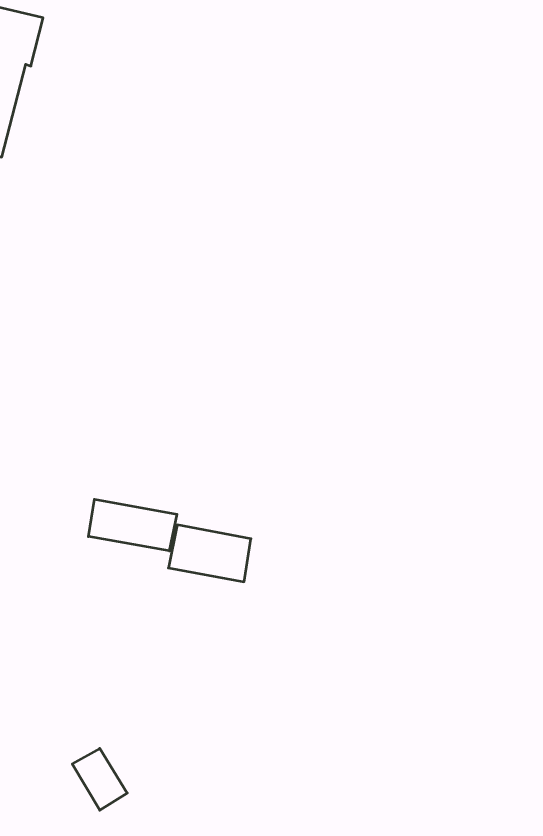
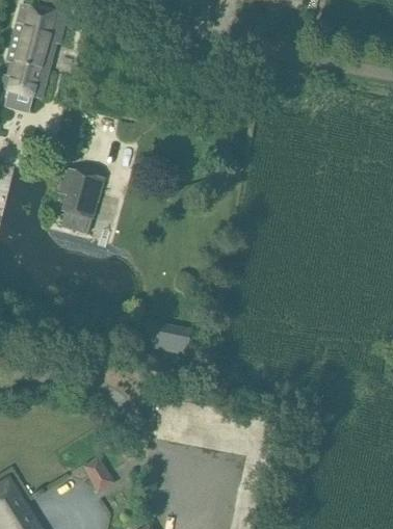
building: none -> [60,169,104,219]
building: [88,499,177,551] -> none

